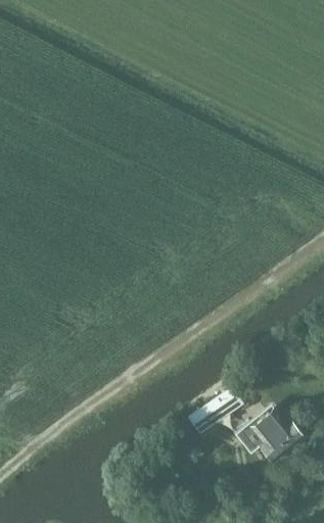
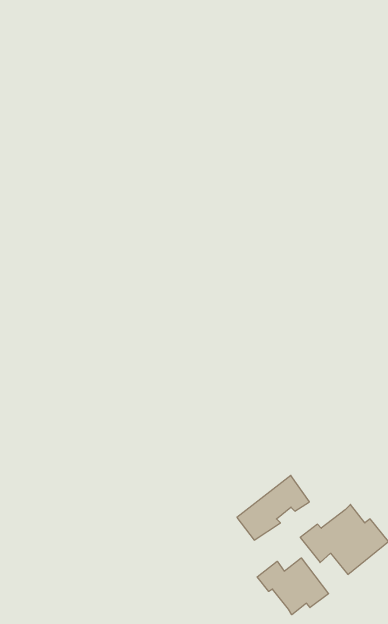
building: none -> [257,558,329,615]

